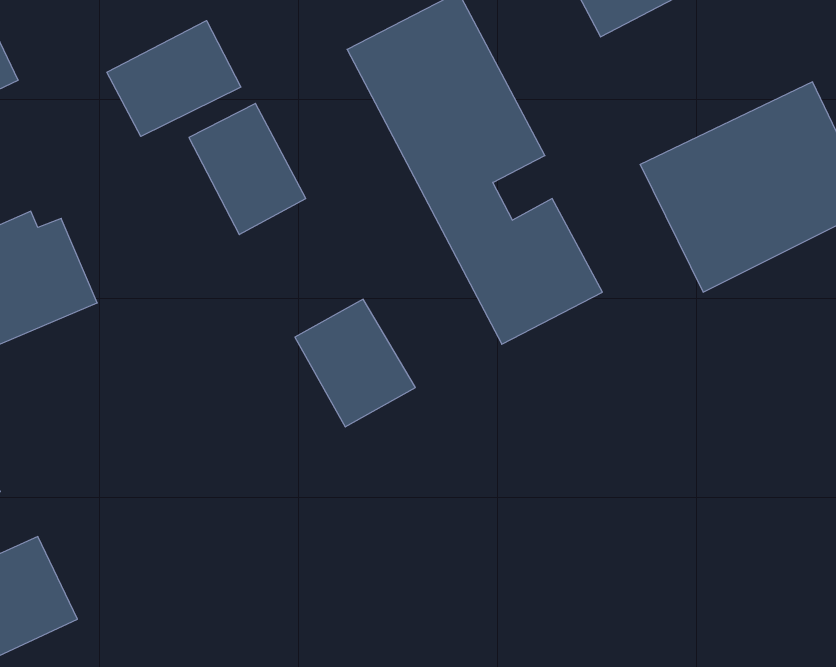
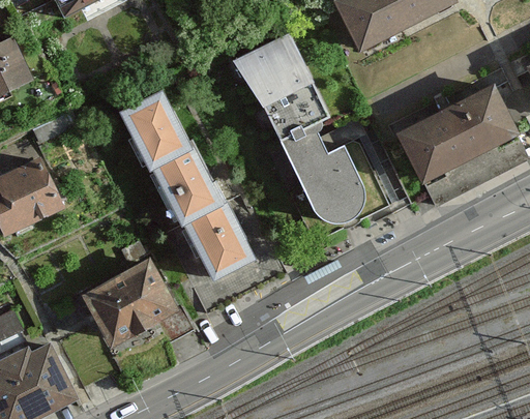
building: [107,21,241,136] -> none
building: none -> [158,149,230,229]
building: none -> [84,257,169,337]

